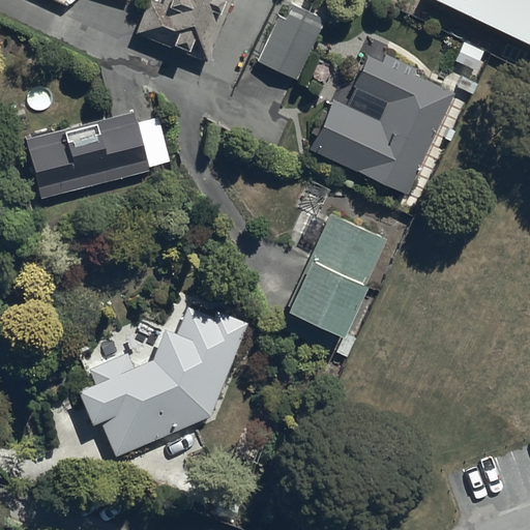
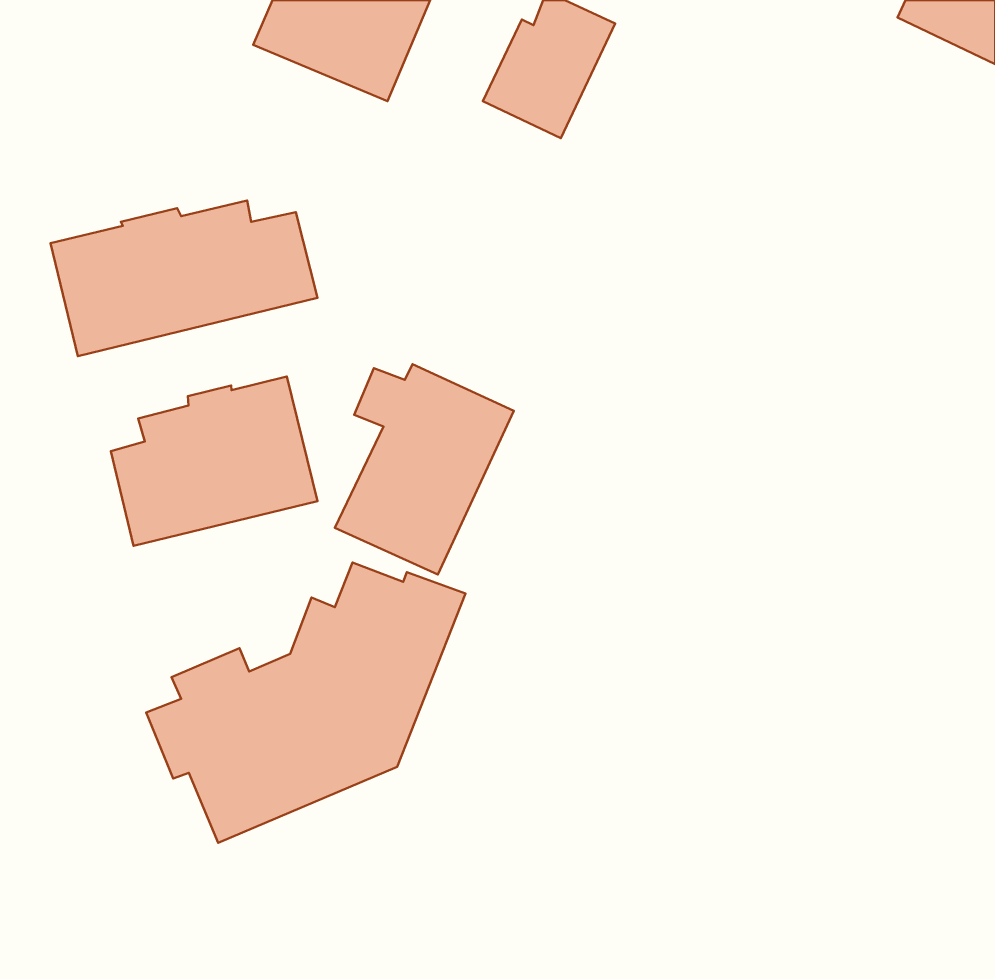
building: [310,49,453,193] -> none
building: none -> [111,377,318,546]
building: [290,215,385,327] -> [335,364,514,574]

